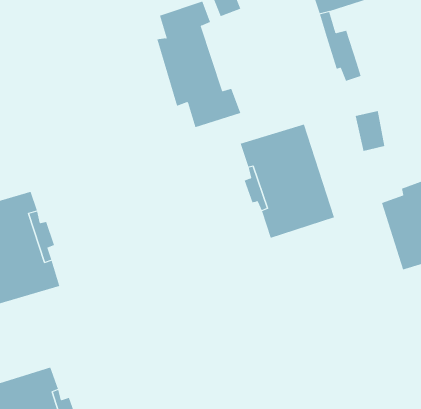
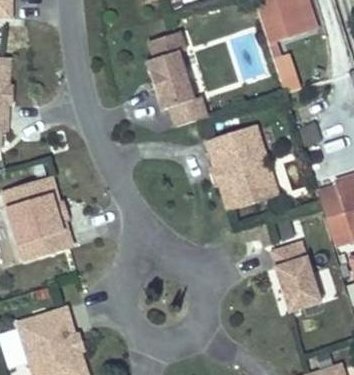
building: none -> [273,241,323,315]

